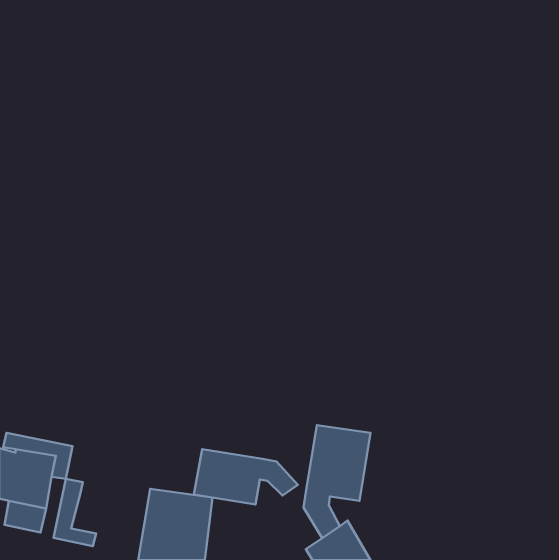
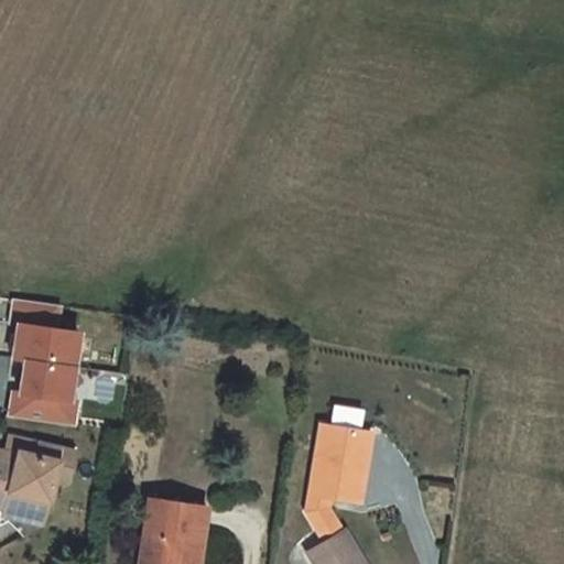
building: none -> [11,300,78,427]
building: [194,449,298,504] -> none
building: [54,479,96,546] -> none

